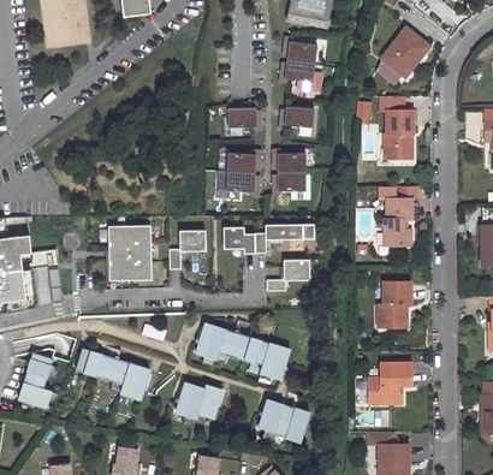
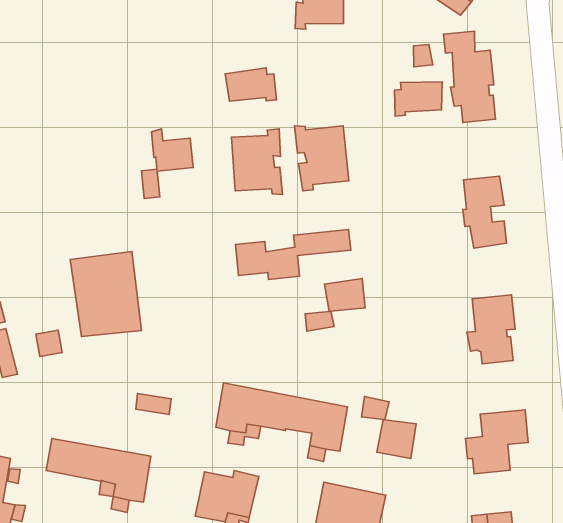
building: [279,106,314,129] -> [394,82,442,116]
building: [168,222,204,269] -> [141,129,193,198]
building: none -> [361,396,416,458]

